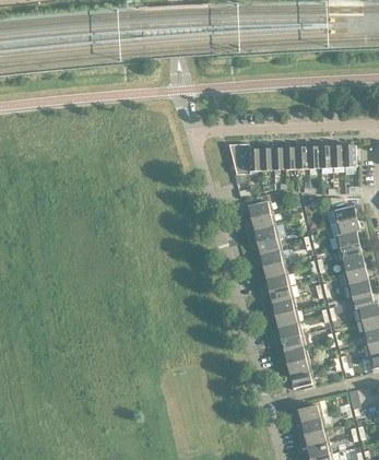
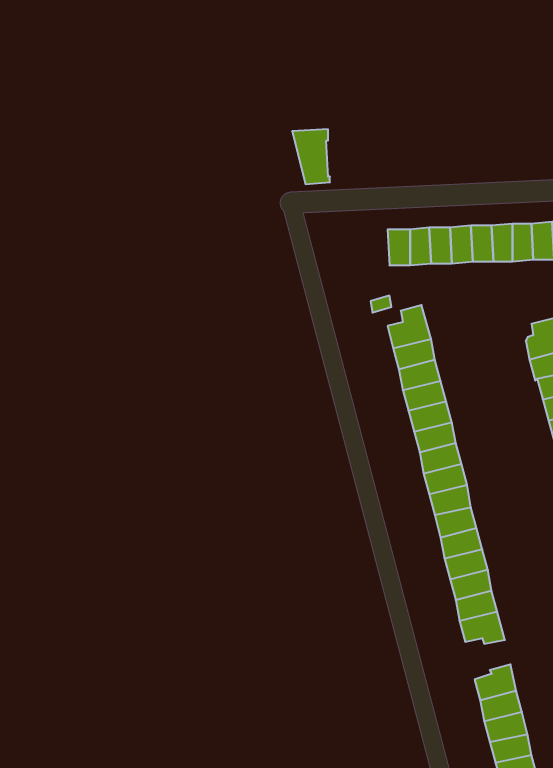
building: [227,142,249,174] -> [292,129,330,184]

